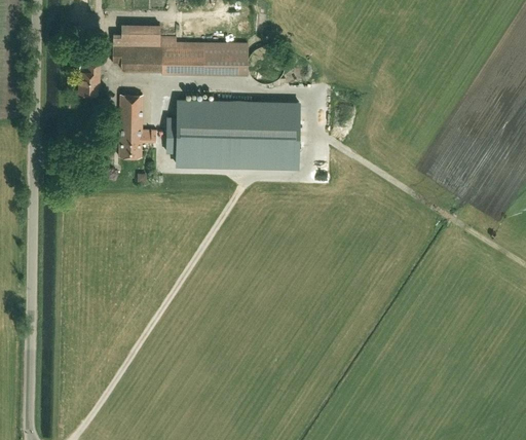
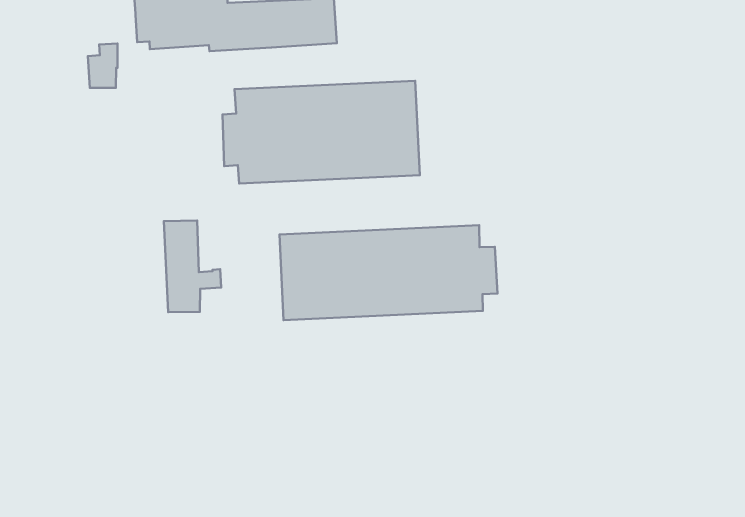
building: [119,95,156,157] -> [164,220,221,312]
building: none -> [280,225,498,320]

